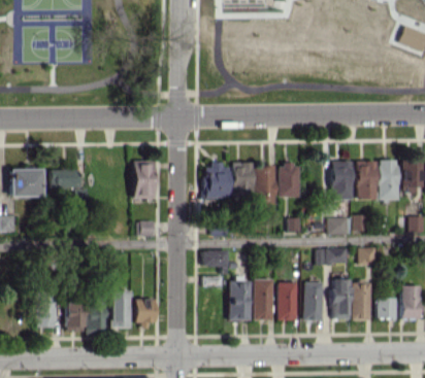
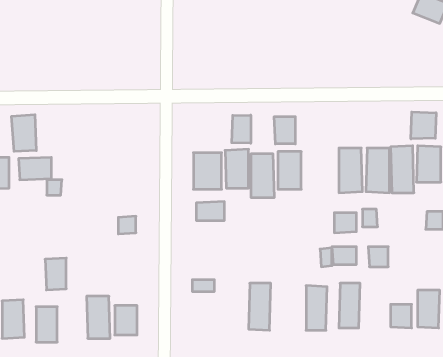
building: none -> [411,112,436,139]
building: none -> [12,115,36,151]
building: none -> [232,115,251,143]
building: none -> [274,117,295,144]
building: [133,160,155,198] -> none
building: [203,249,228,266] -> [196,202,224,220]
building: [228,278,251,320] -> none
building: [277,282,296,319] -> none
building: [351,282,370,319] -> none
building: [87,301,105,329] -> [45,258,66,290]

